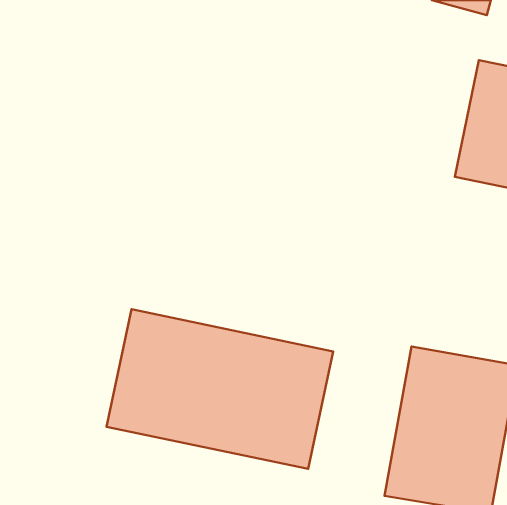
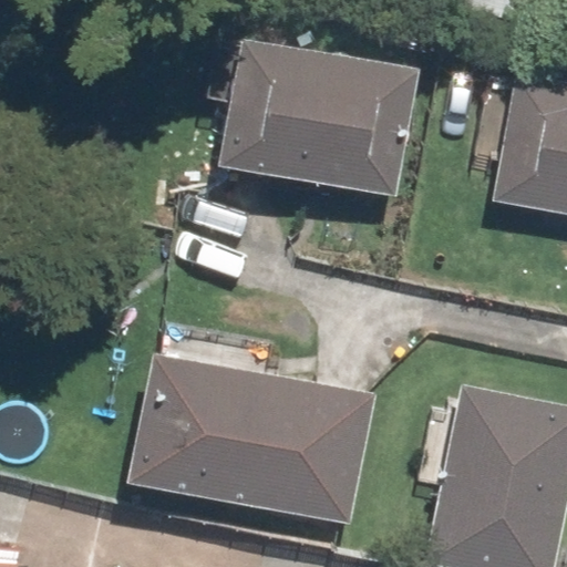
building: none -> [218,39,420,198]

